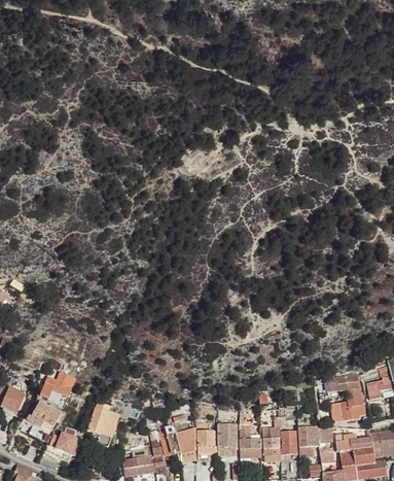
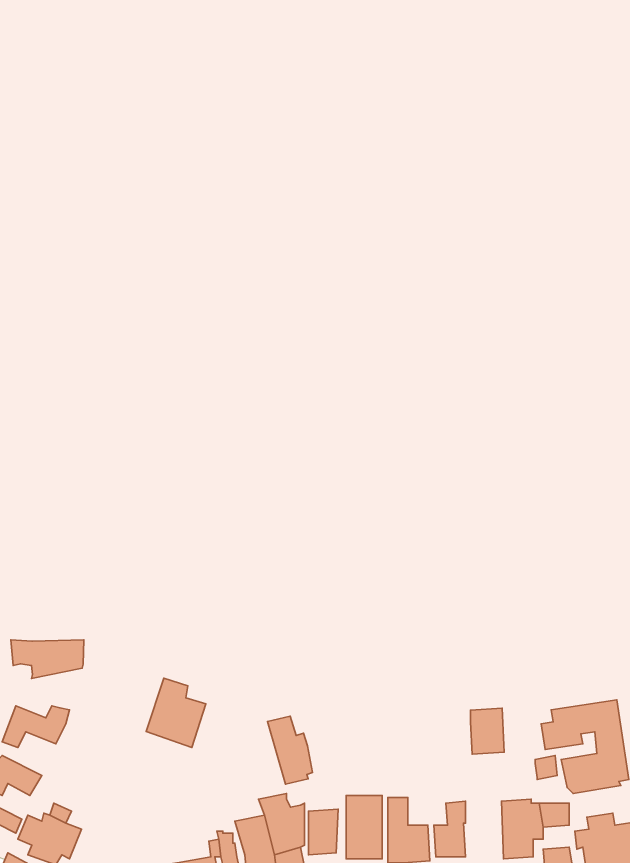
building: none -> [11,640,84,678]
building: none -> [267,716,313,784]
building: [87,402,118,438] -> [146,678,206,748]
building: [279,431,296,454] -> [470,708,504,754]

